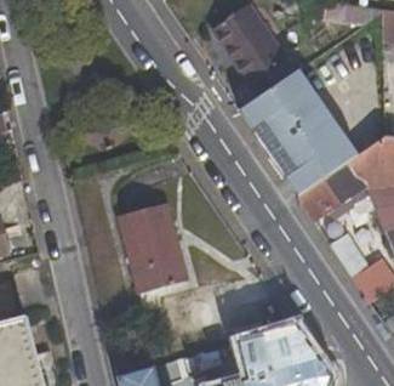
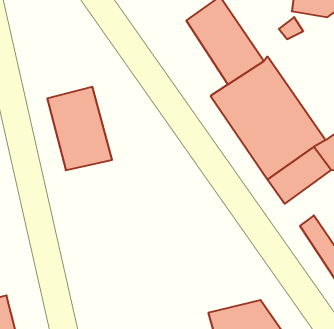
building: [119,205,187,293] -> [47,87,112,170]

